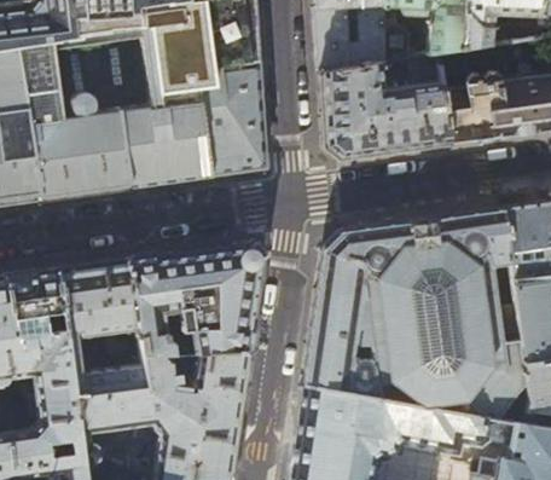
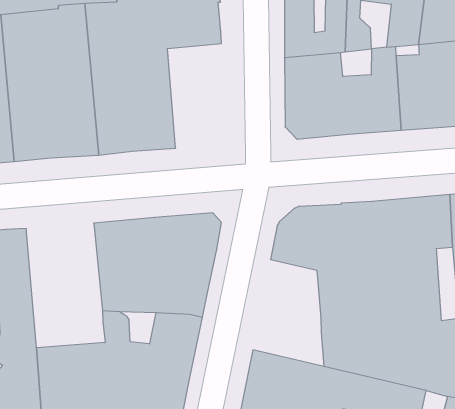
building: [192,65,262,179] -> none
building: [53,264,144,399] -> none
building: [301,291,377,401] -> none

